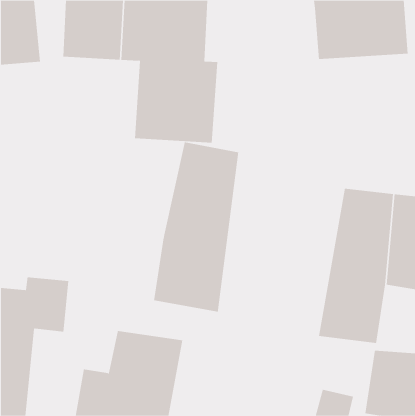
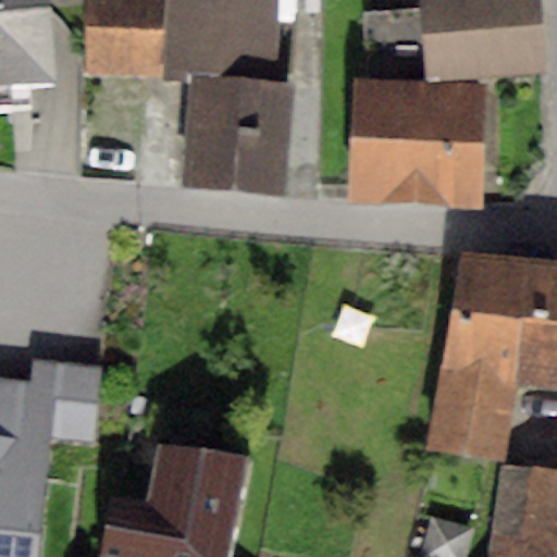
building: none -> [347,11,485,207]
building: [154,142,239,312] -> none

